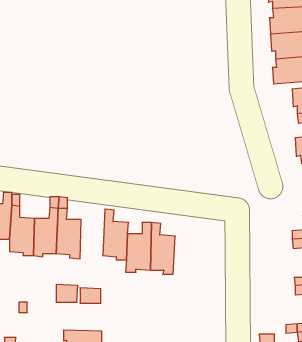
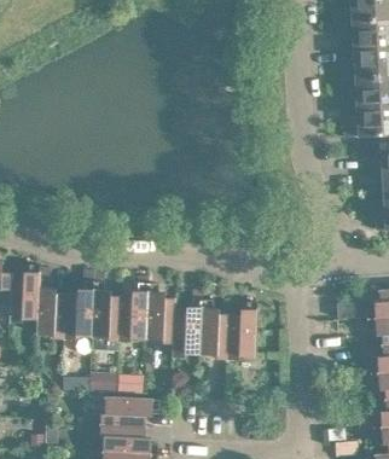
building: none -> [120,283,149,341]
building: none -> [228,301,257,359]
building: none -> [100,397,159,425]

